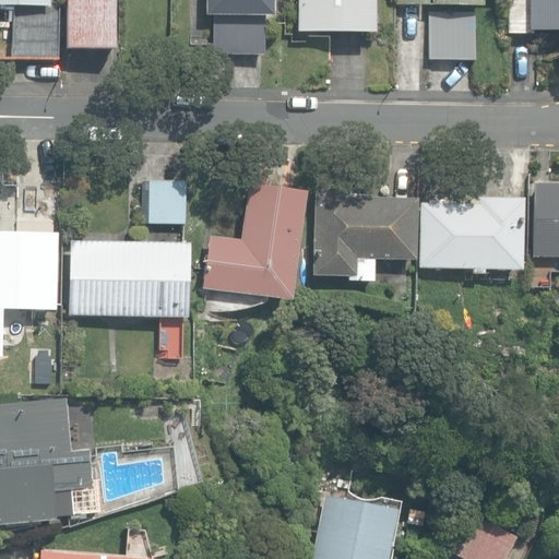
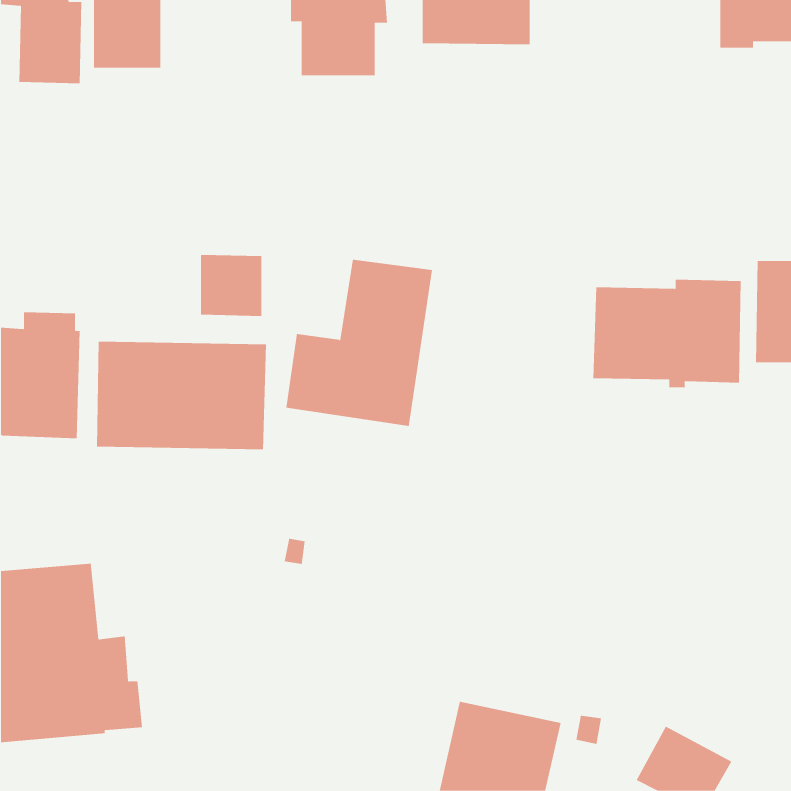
building: [429,11,476,59] -> none
building: [313,188,416,281] -> none

